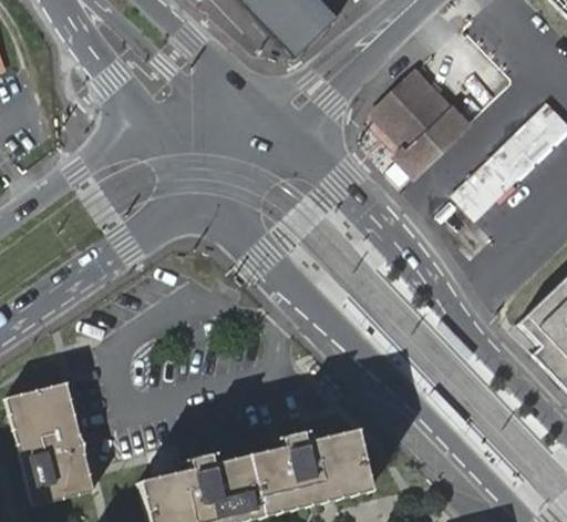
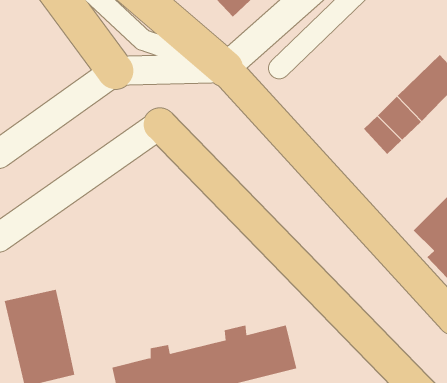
building: [374,70,466,175] -> none

